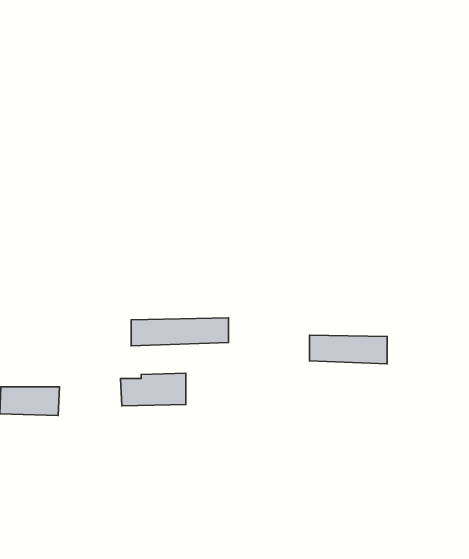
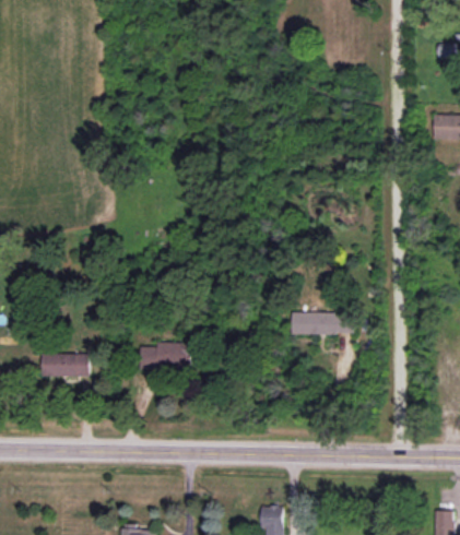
building: [131,318,229,346] -> none

